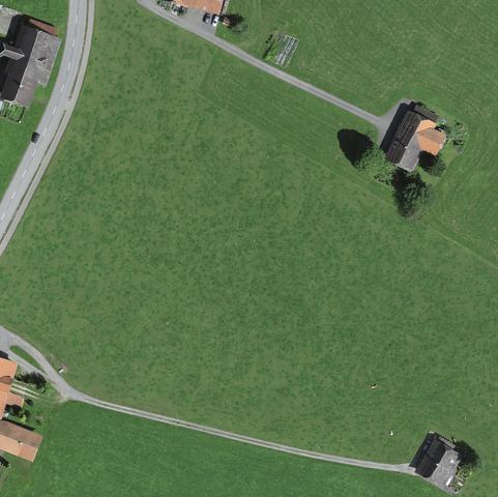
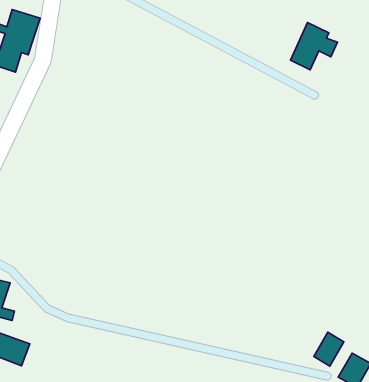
building: [386,113,443,170] -> [290,23,338,70]
building: none -> [314,332,344,366]

